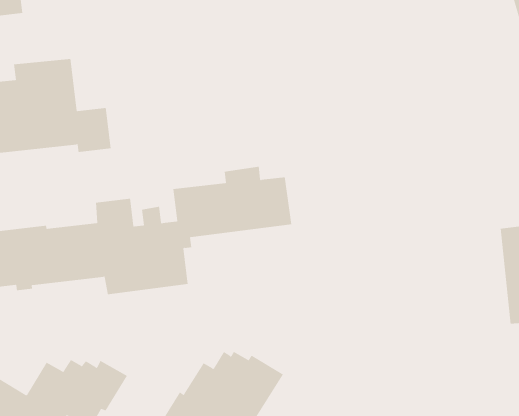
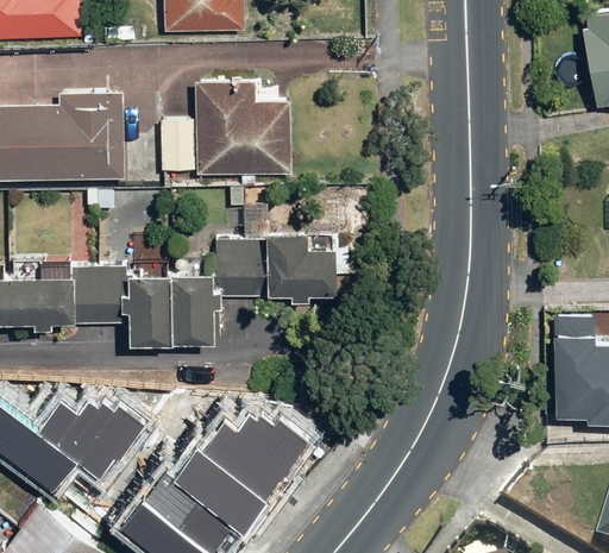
building: none -> [162,78,293,184]

